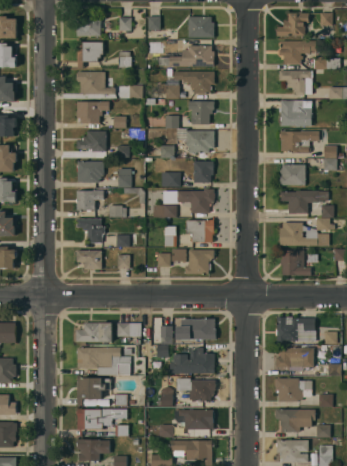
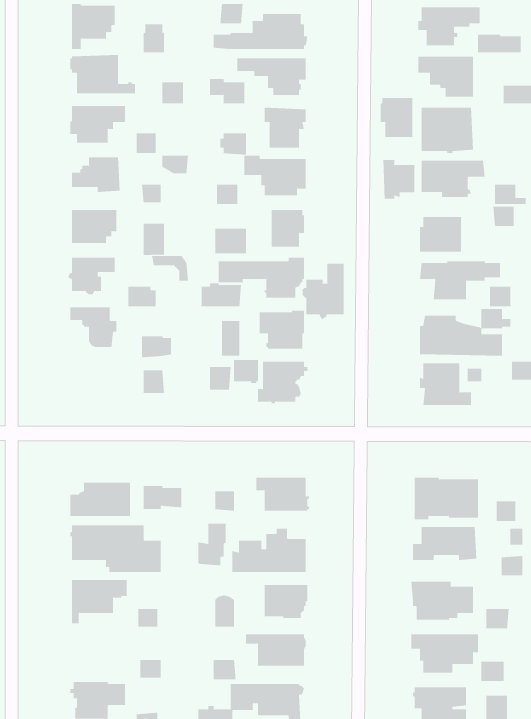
building: none -> [380,97,413,138]
building: none -> [383,159,415,200]
building: none -> [302,263,344,319]
building: [74,249,100,269] -> none
building: [76,408,126,435] -> none

